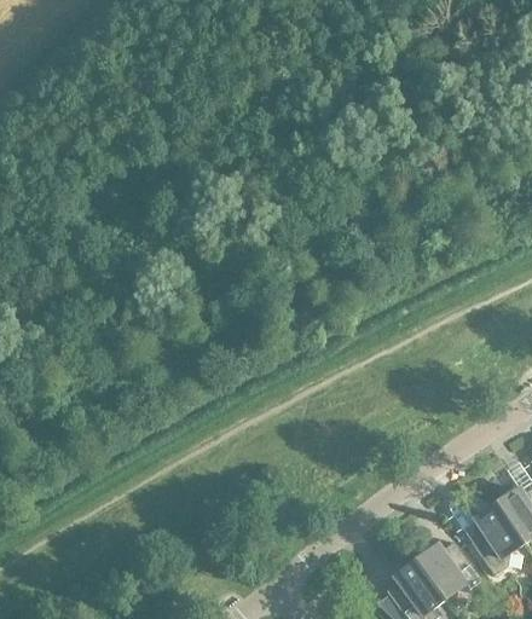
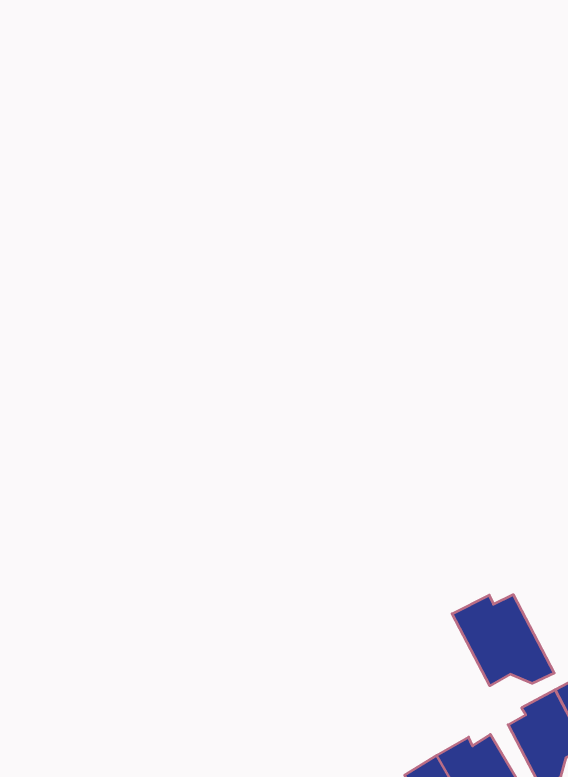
building: none -> [452,595,554,686]

